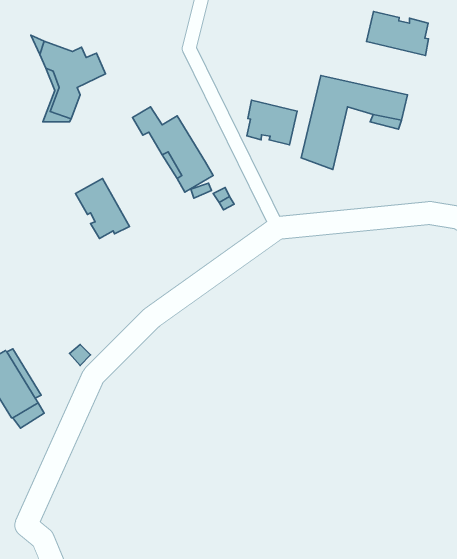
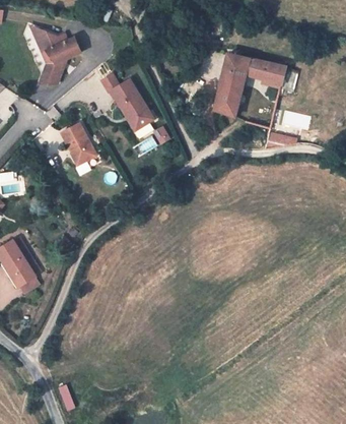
building: [366,11,428,56] -> none
building: [247,100,297,145] -> none

